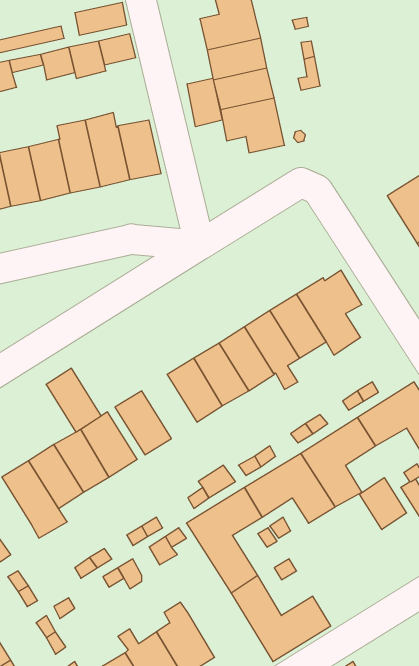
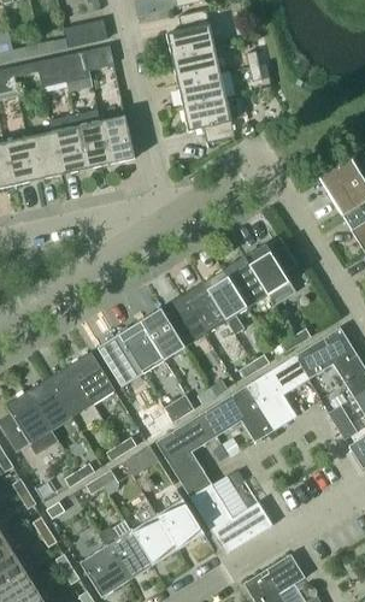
building: [187,78,222,127] -> none
building: [46,368,101,432] -> [119,321,164,373]
building: [360,478,407,530] -> none
building: none -> [157,498,205,550]

